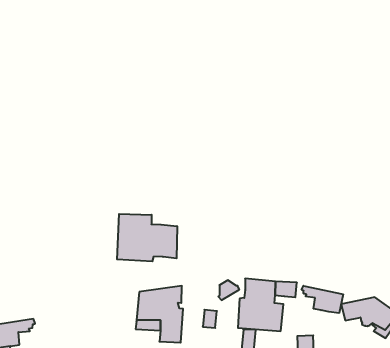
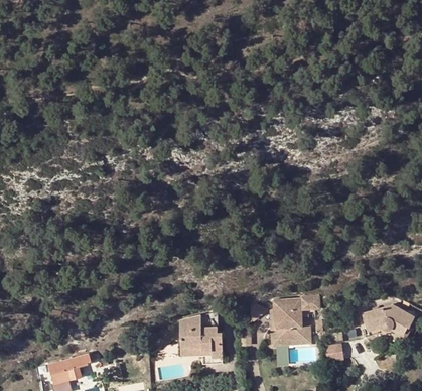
building: [117,214,177,261] -> none
building: [302,286,343,313] -> none

